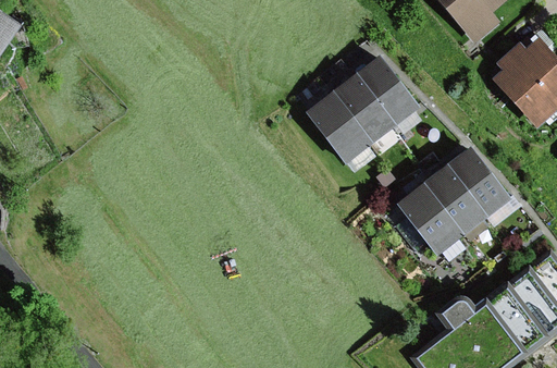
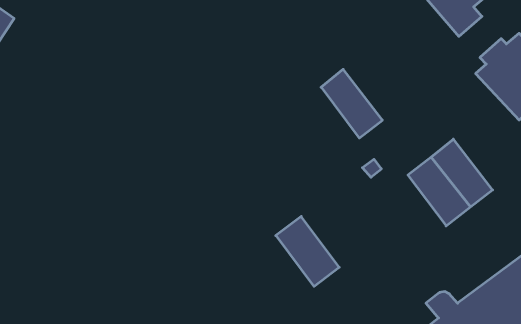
building: [356,57,420,127] -> none
building: [306,94,372,165] -> none
building: [396,184,461,256] -> [276,216,339,286]

